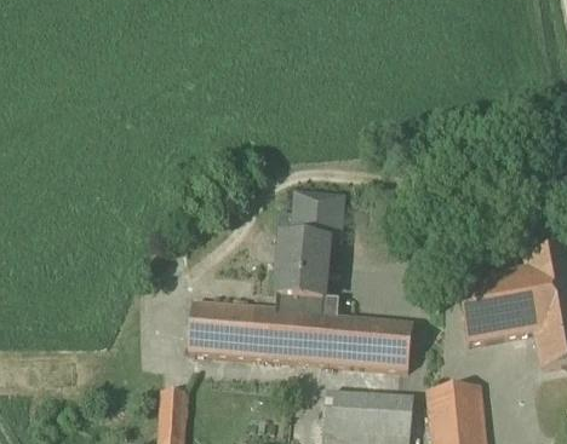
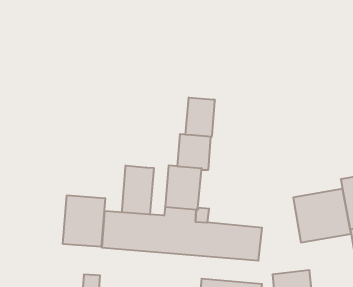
building: none -> [186,97,215,137]
building: none -> [122,165,154,215]
building: none -> [63,195,105,247]

